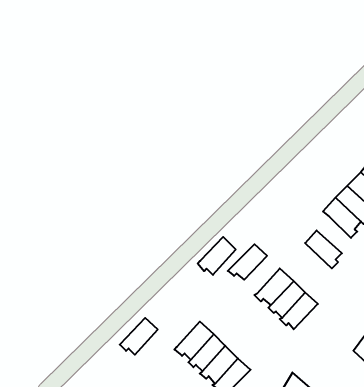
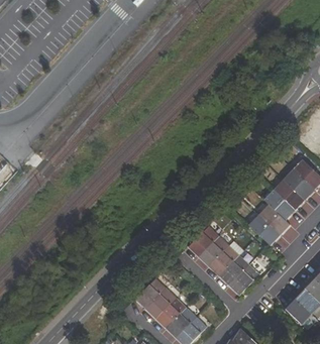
building: none -> [258,204,288,235]
building: [198,237,236,275] -> [199,235,229,265]
building: [120,318,158,355] -> [135,278,166,308]

